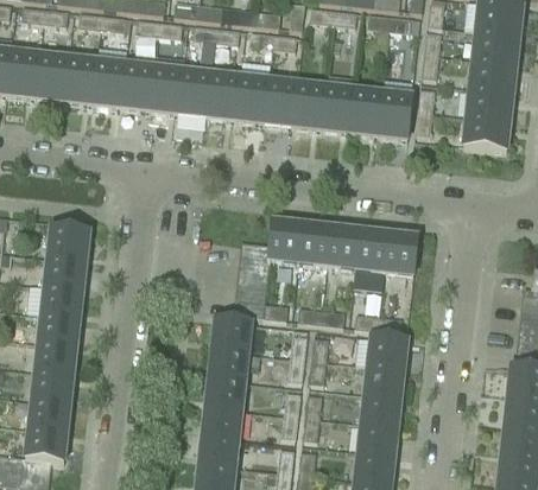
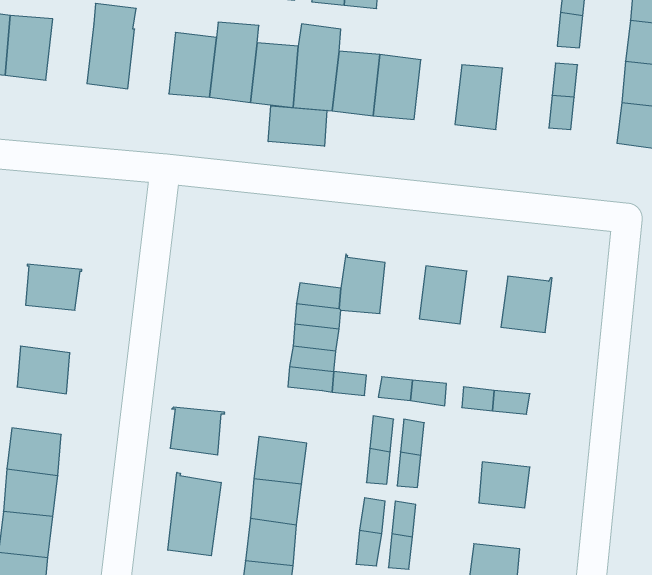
building: [121,55,154,109] -> none
building: [64,57,97,102] -> none
building: [378,78,412,139] -> none
building: [321,85,354,131] -> none
building: none -> [268,106,327,146]
building: [297,227,329,266] -> none
building: [350,233,386,291] -> none
building: [46,256,84,289] -> none
building: [40,313,78,346] -> none
building: [213,319,251,352] -> [170,407,225,455]
building: [368,336,406,369] -> none
building: none -> [168,472,221,556]
building: [362,394,398,426] -> none

